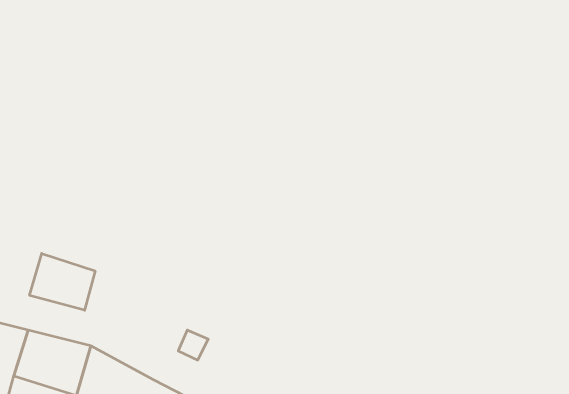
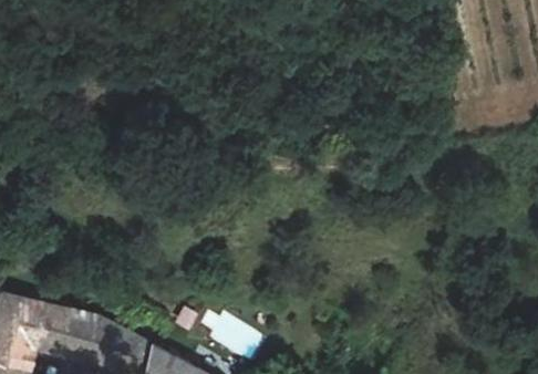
building: [30,253,95,310] -> none

